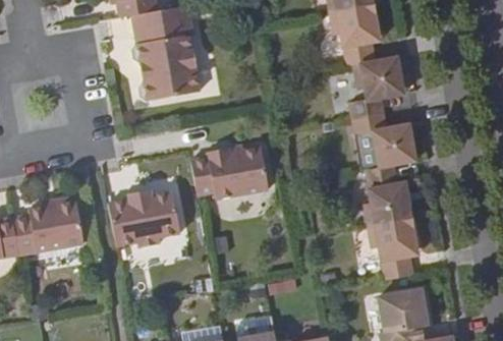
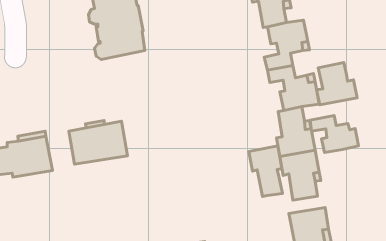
building: none -> [317,63,357,105]
building: [191,148,264,200] -> none
building: none -> [310,116,358,153]
building: none -> [249,146,282,196]

